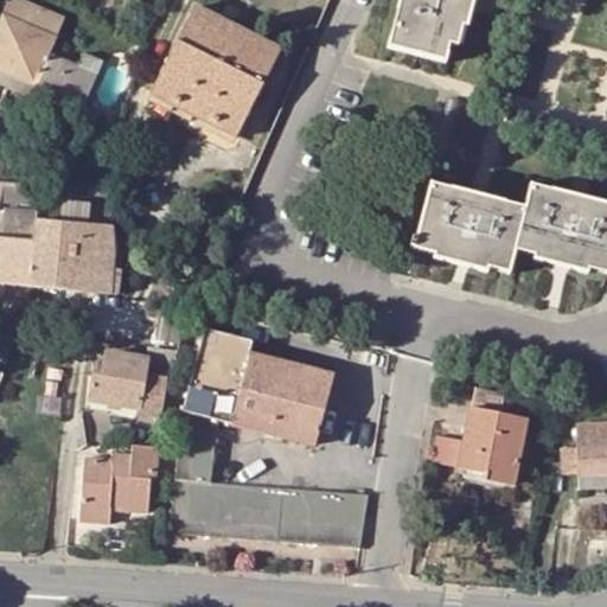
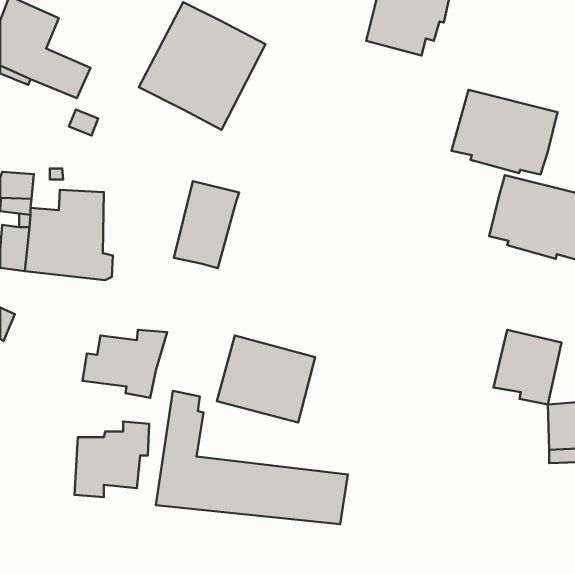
building: [415,181,526,270] -> [451,90,558,174]
building: [184,330,253,421] -> [174,181,239,268]
building: [458,405,529,484] -> [494,330,561,405]

